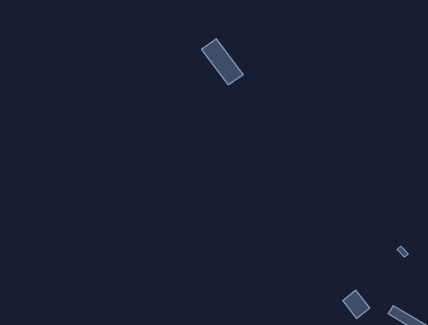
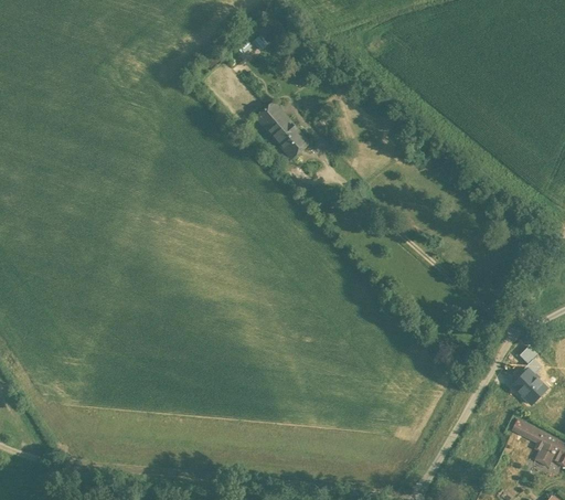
building: [343,290,370,319] -> [508,366,542,402]

